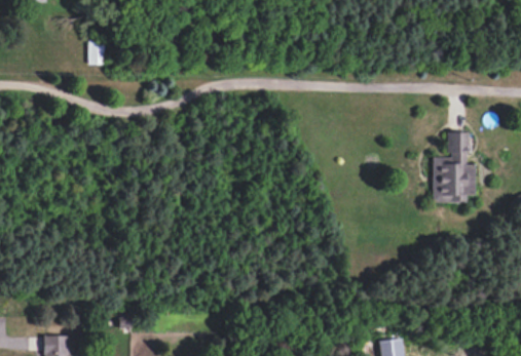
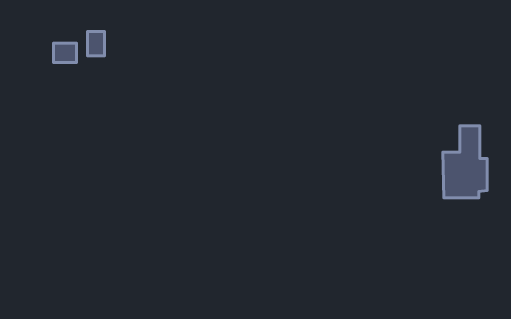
building: none -> [54,43,76,62]

